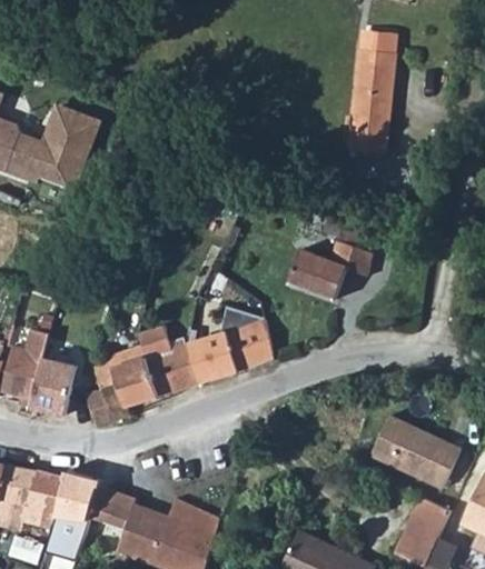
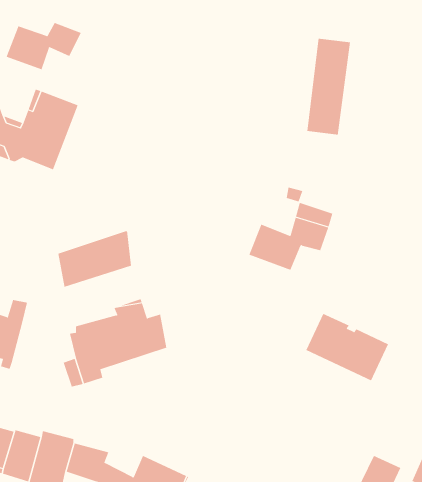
building: none -> [6,22,81,70]
building: [191,321,271,382] -> [58,231,132,288]
building: [29,356,76,415] -> none
building: [370,417,461,490] -> [305,313,389,381]

